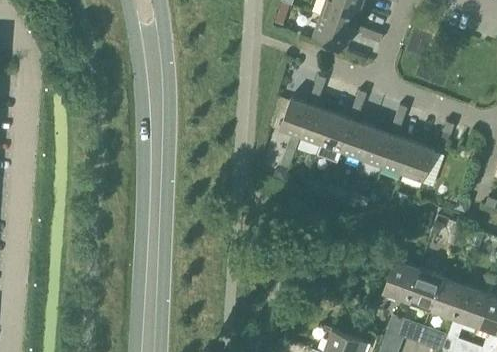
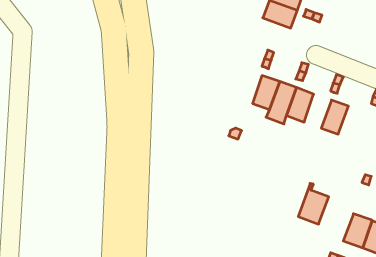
building: [279,99,312,140] -> none
building: [362,129,394,169] -> none
building: [402,143,435,184] -> none
building: [384,254,420,302] -> [298,183,329,224]

